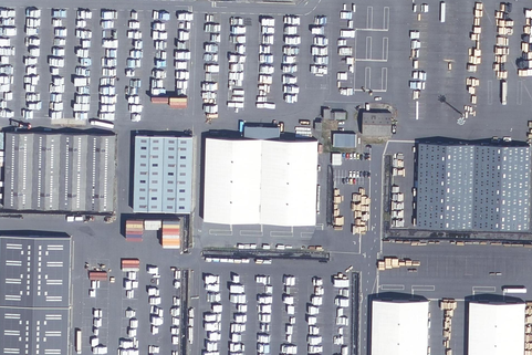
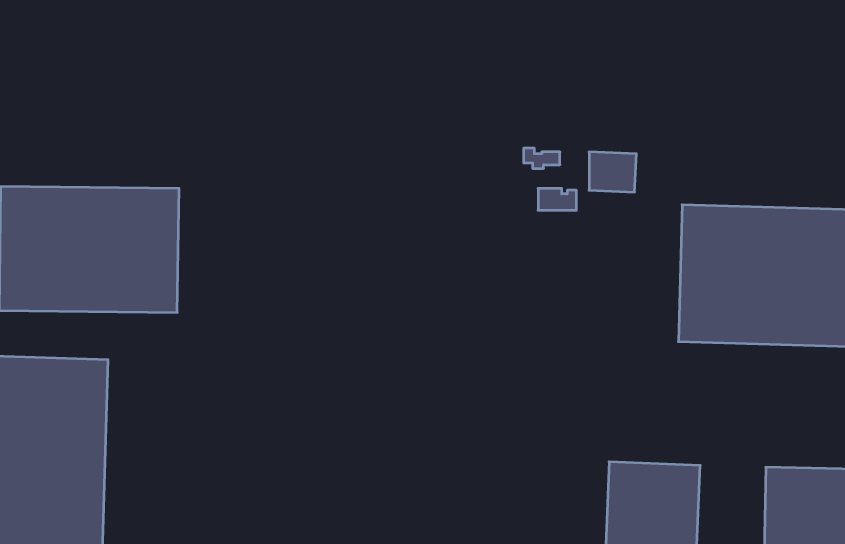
building: [132,136,190,212] -> none
building: [201,138,315,226] -> none

